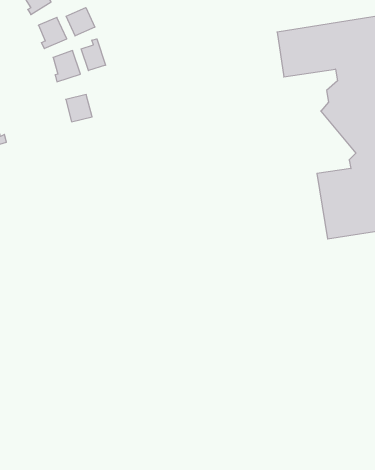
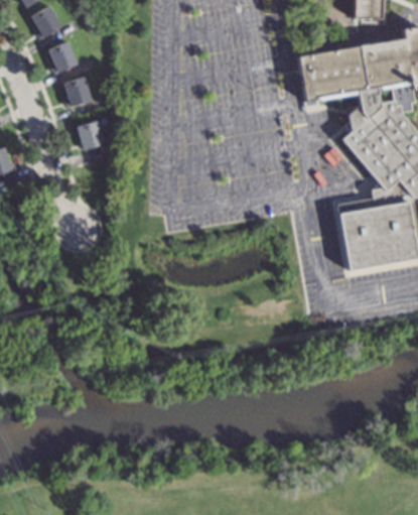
building: [66,8,95,36] -> none
building: [81,39,106,71] -> none

